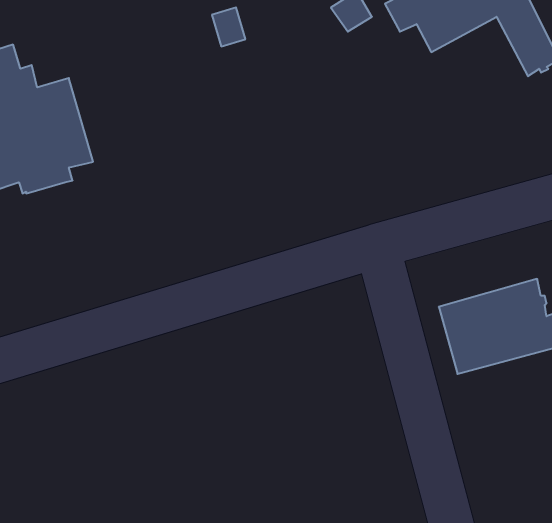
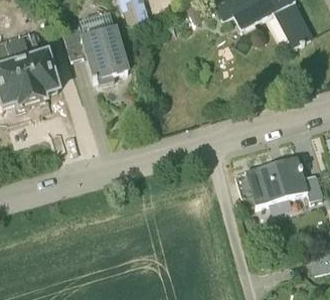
building: none -> [63,13,128,84]

